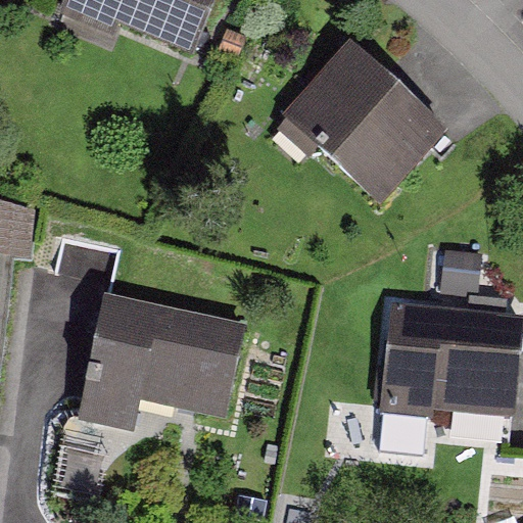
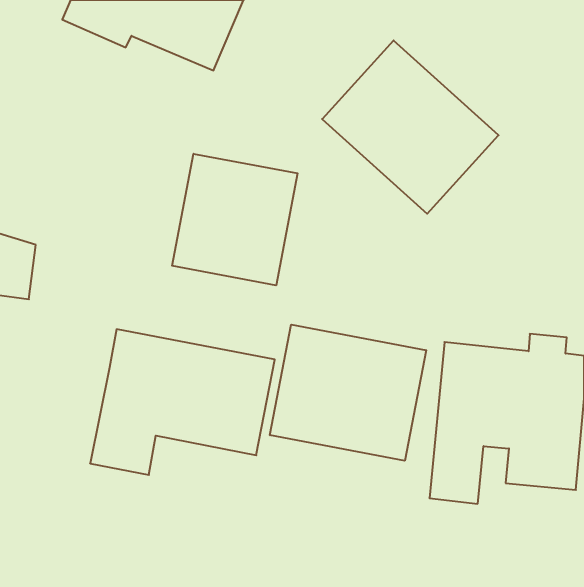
building: none -> [172,154,298,285]
building: none -> [270,325,426,461]

